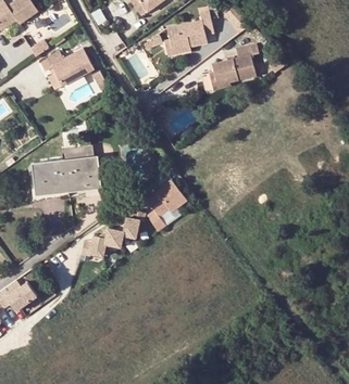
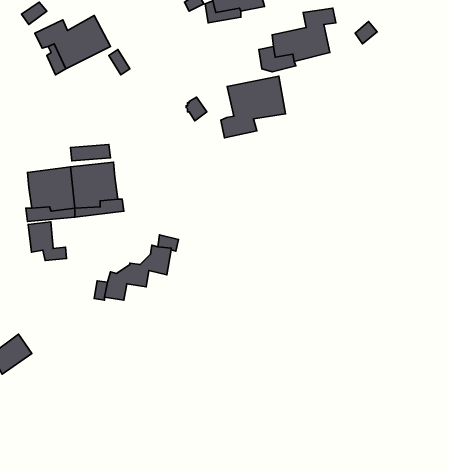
building: none -> [221,76,286,138]
building: [144,181,185,232] -> none
building: none -> [28,222,66,261]

